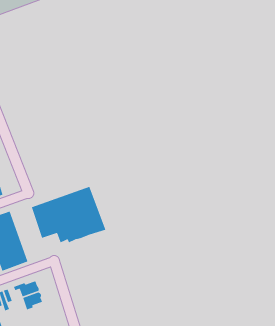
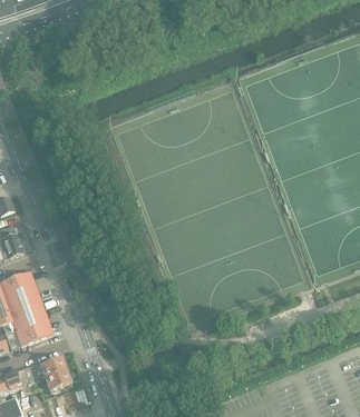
building: [31,186,106,244] -> none

